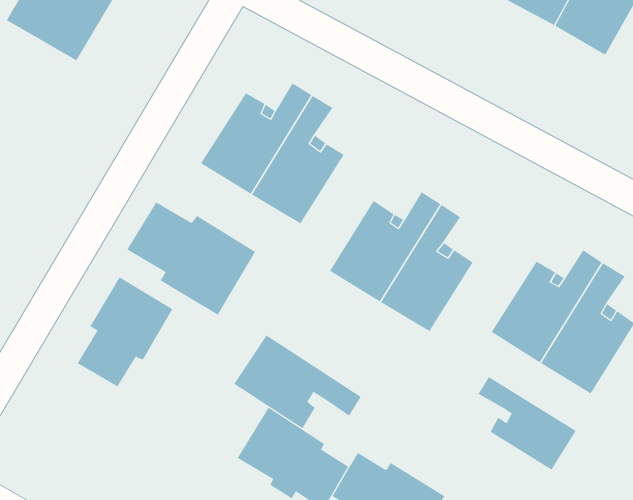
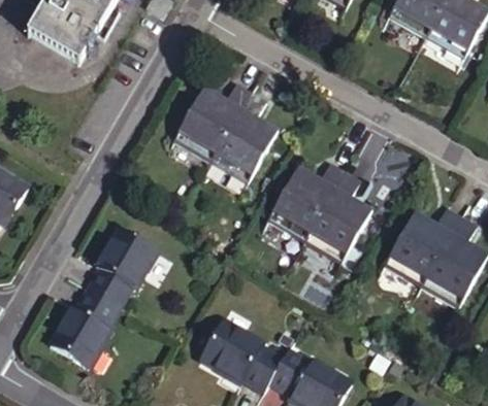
building: [127,202,256,316] -> none
building: [234,335,362,429] -> none
building: none -> [44,284,112,361]
building: [478,376,577,471] -> none

